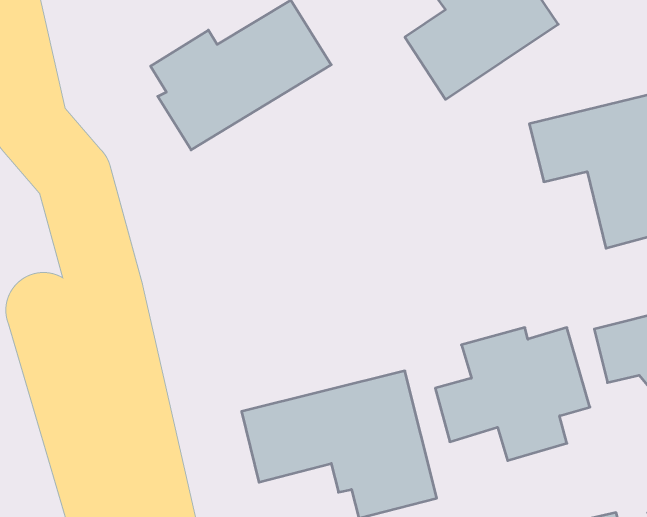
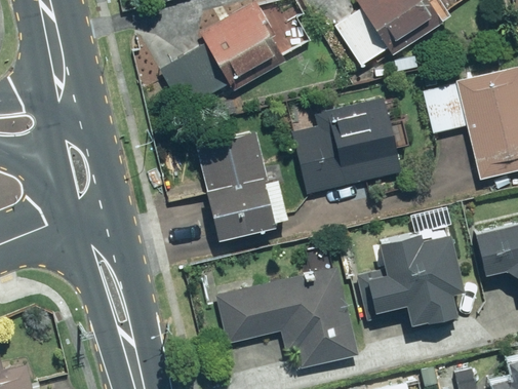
building: none -> [293,101,403,193]
building: none -> [198,130,287,239]

